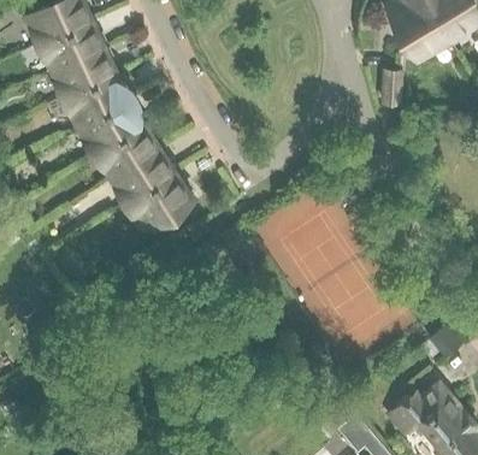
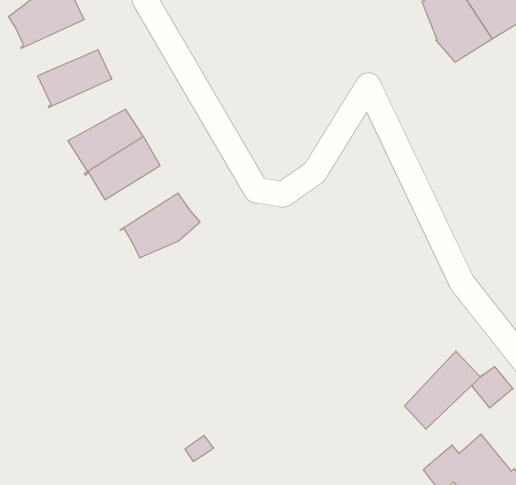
building: [36,22,104,71] -> none
building: [376,69,399,105] -> none
building: [60,73,128,128] -> none
building: [110,149,173,206] -> none
building: none -> [404,351,484,429]

